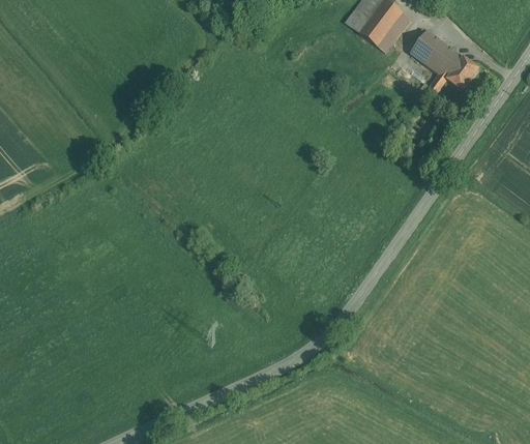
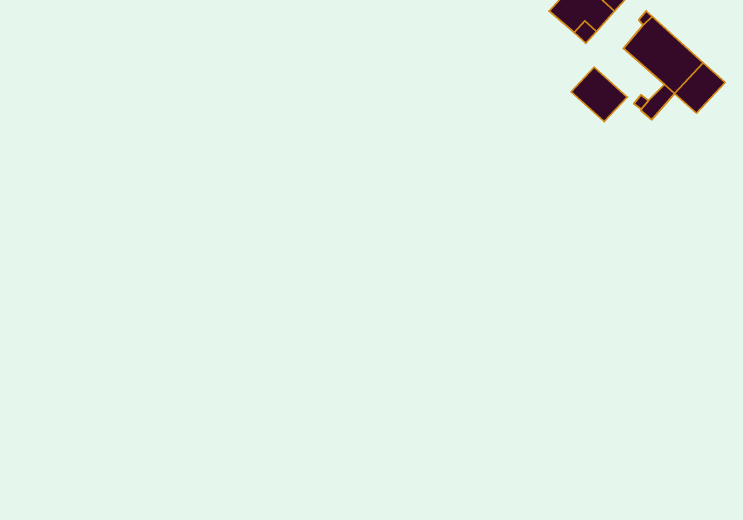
building: none -> [571,67,627,122]

